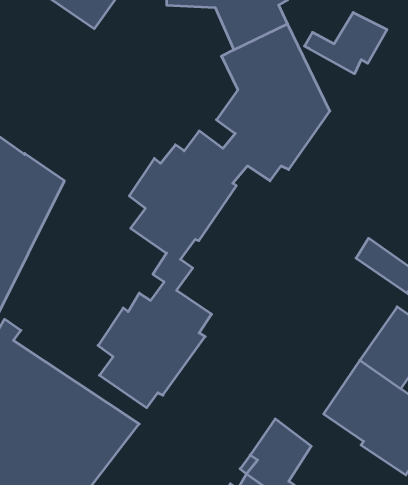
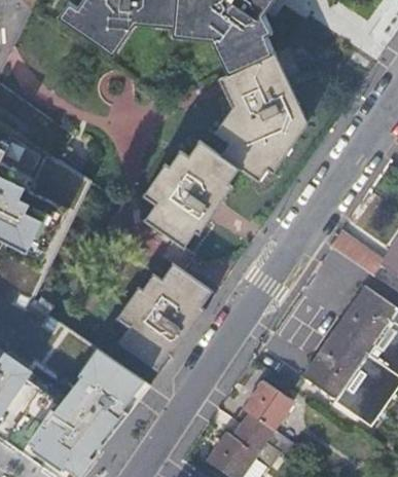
building: [304,12,387,74] -> none

